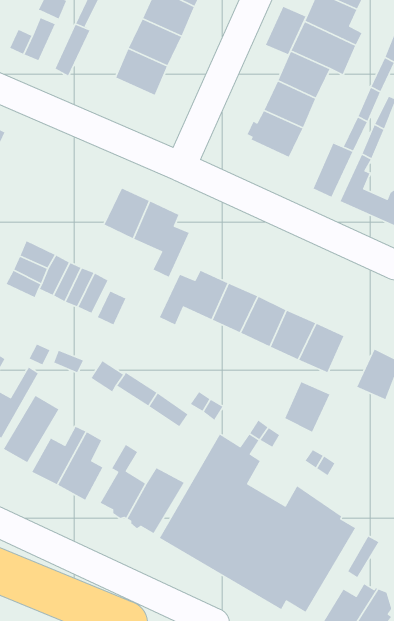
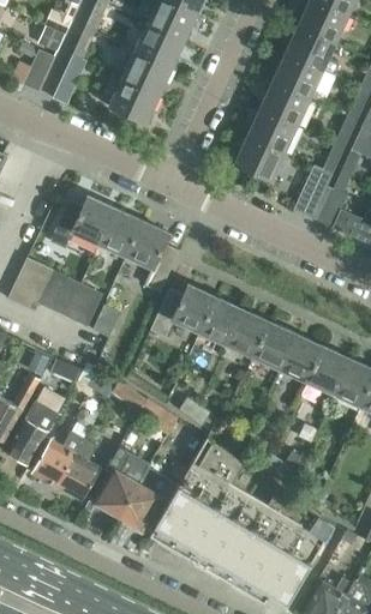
building: [265,6,307,55] -> none
building: none -> [49,197,115,249]
building: [284,381,331,433] -> [307,347,351,395]

